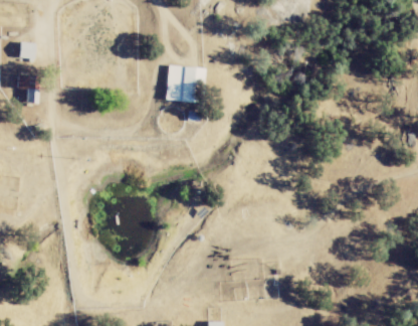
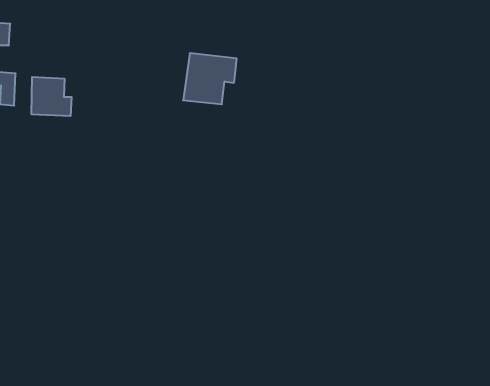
building: none -> [32,77,72,116]

